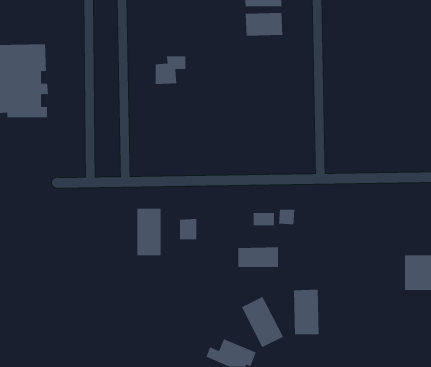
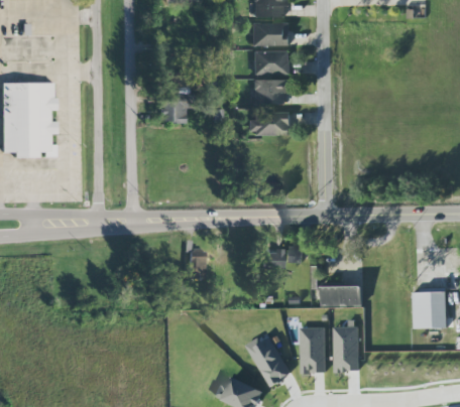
building: none -> [252,79,291,104]
building: none -> [250,112,291,135]
building: [137,208,162,256] -> none
building: [238,247,279,268] -> [322,285,363,306]
building: none -> [334,326,360,372]

